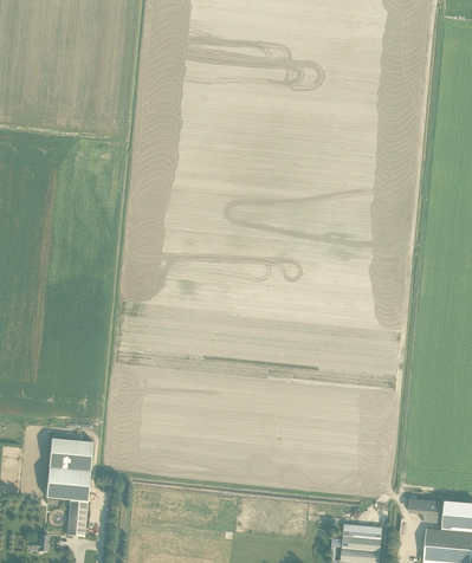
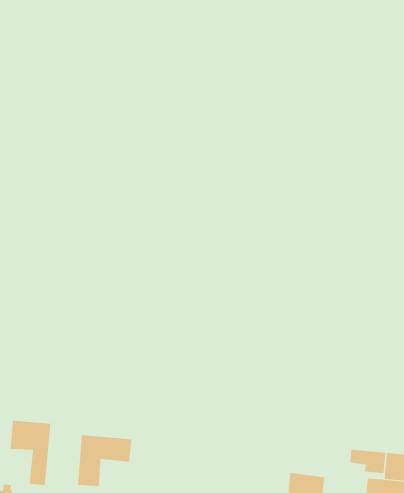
building: [50,438,93,471] -> none
building: none -> [77,435,132,487]

